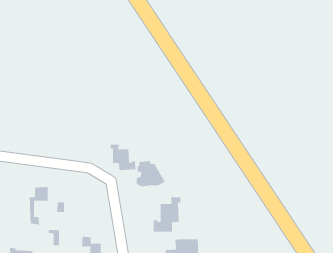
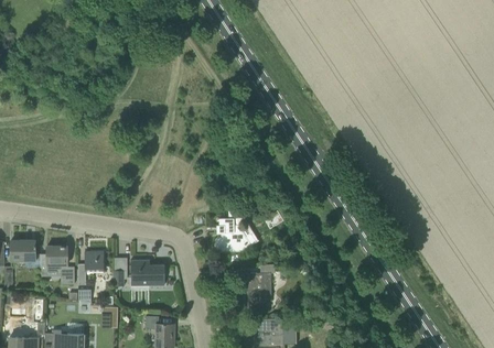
building: [110,144,136,171] -> none
building: none -> [46,246,74,284]
building: none -> [130,260,164,285]

